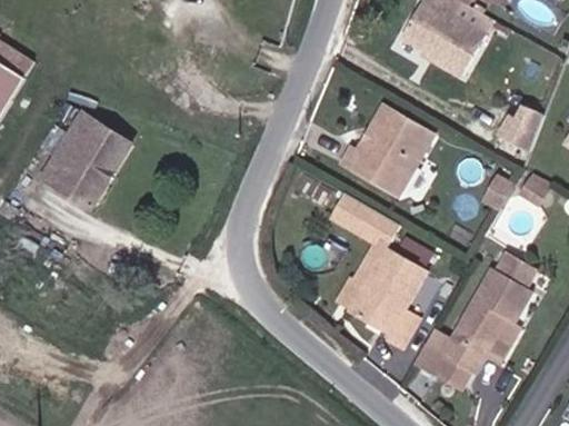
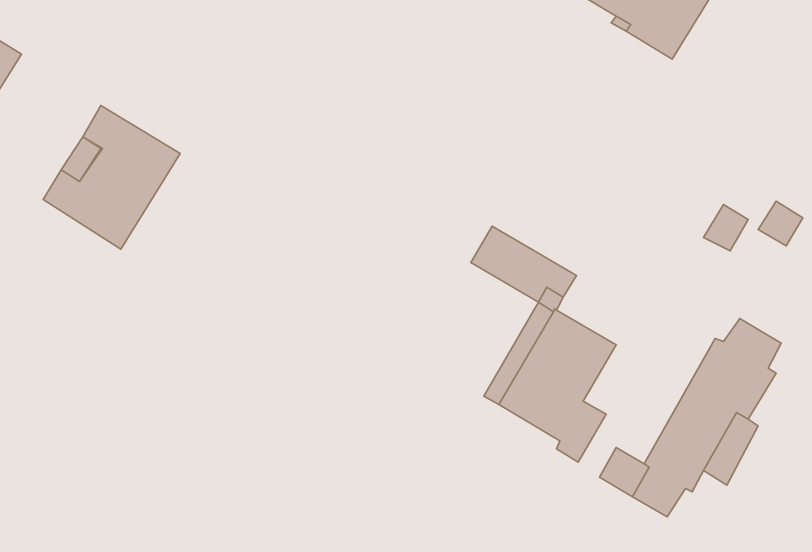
building: [340,106,432,198] -> none
building: [497,108,545,155] -> none

